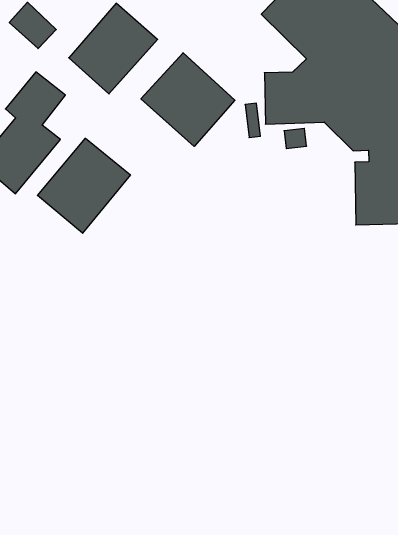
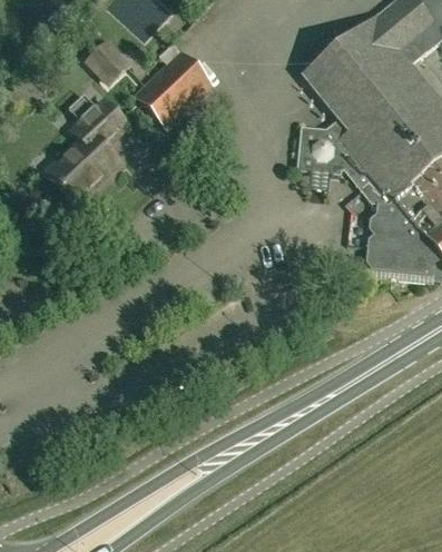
building: [141,53,235,146] -> none
building: [37,138,130,233] -> none

